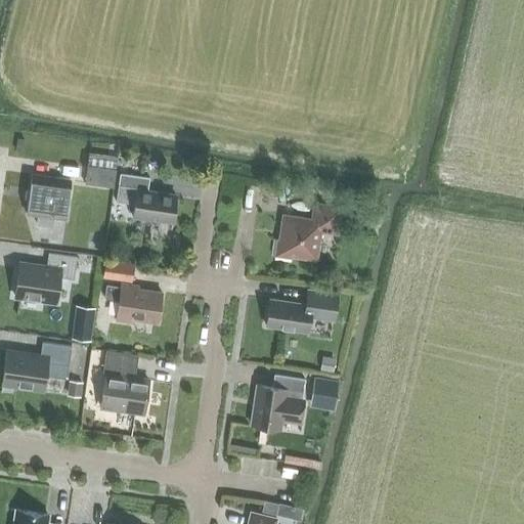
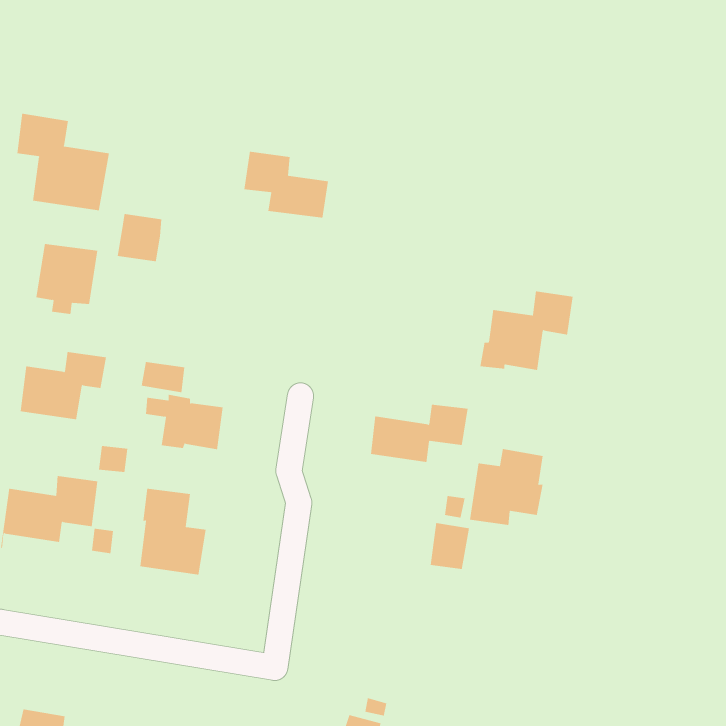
building: none -> [17,113,109,211]
building: [116,175,177,223] -> [243,151,329,218]
building: [274,204,342,261] -> [480,291,574,371]
building: [252,376,305,431] -> [469,449,543,526]

